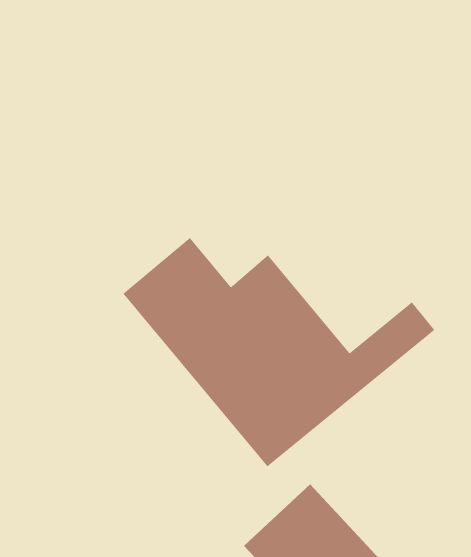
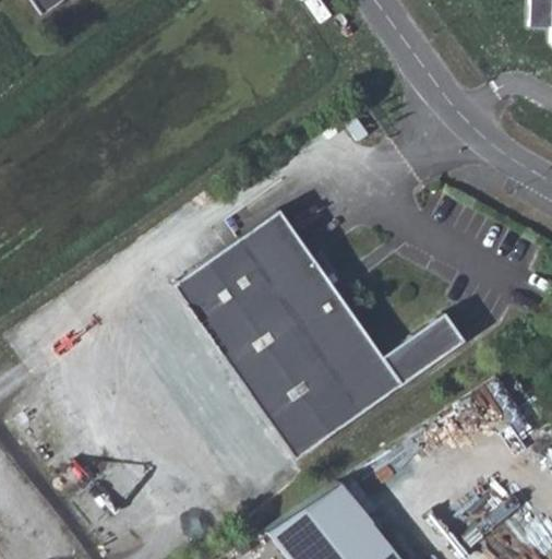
building: none -> [242,210,314,286]

